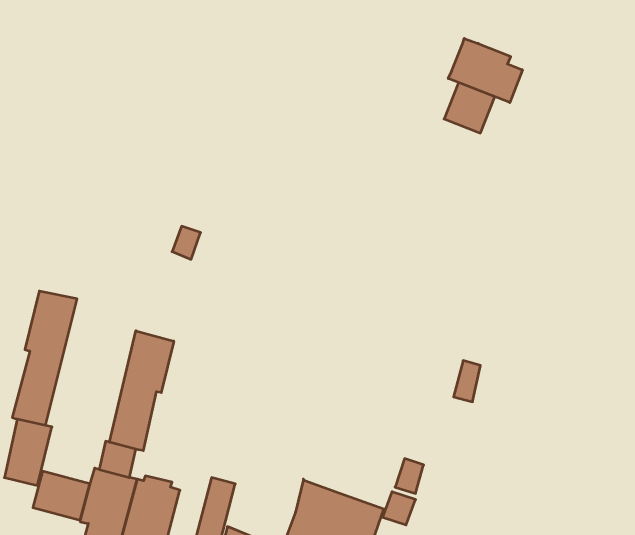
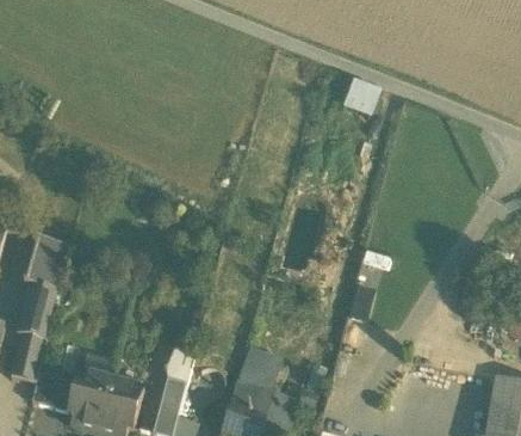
building: [448,38,522,103] -> none
building: [110,331,174,451] -> none
building: none -> [166,340,196,382]
building: none -> [237,346,275,388]

